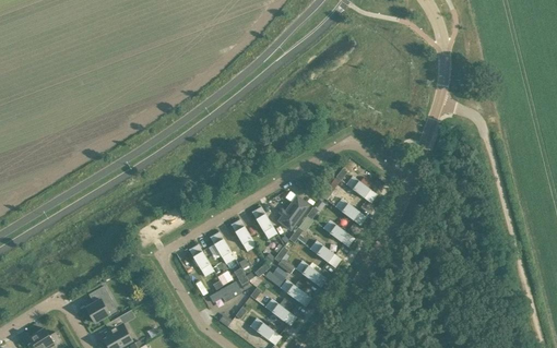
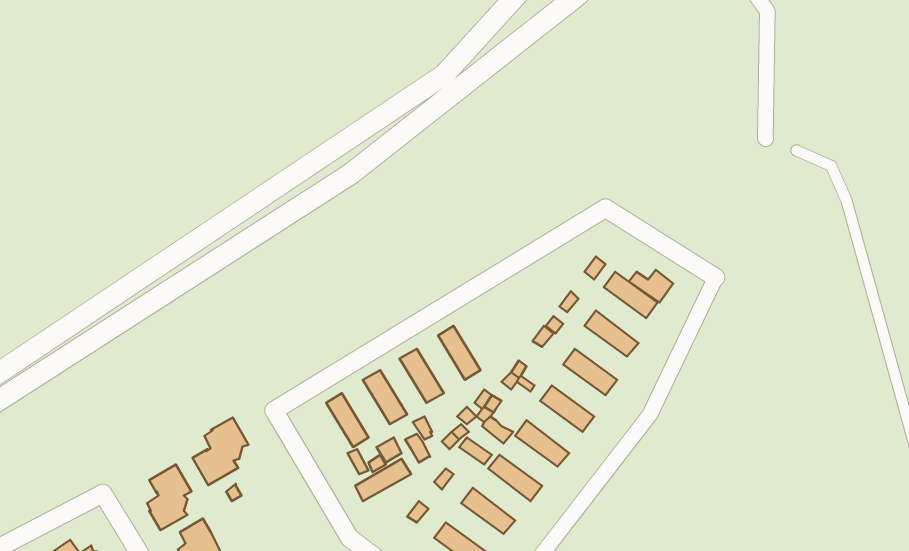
building: [280,199,309,233] -> none
building: none -> [193,418,248,485]

